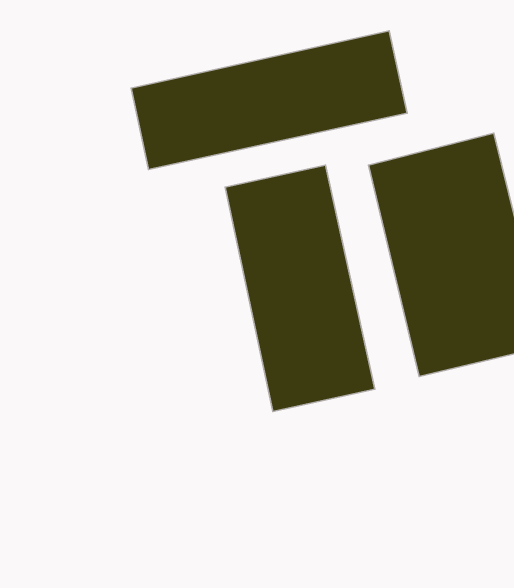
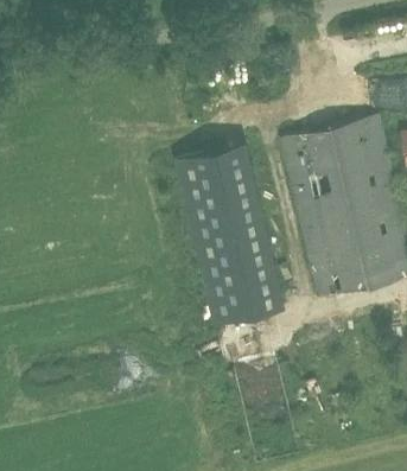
building: [131,31,407,170] -> none

